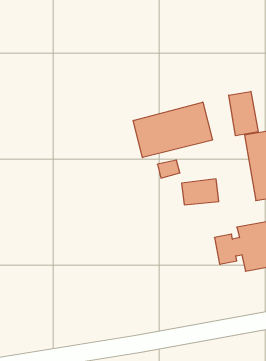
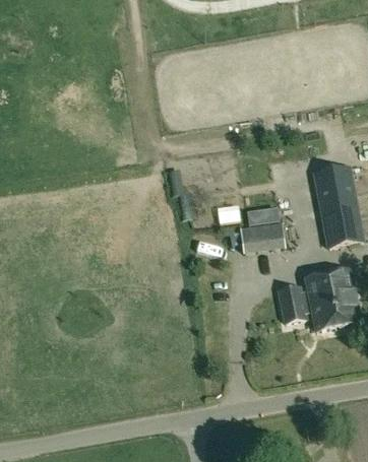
building: [229,91,258,136] -> none
building: [133,102,212,158] -> none

